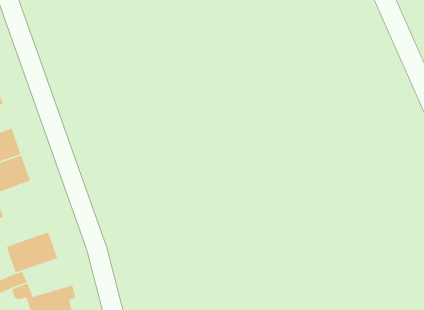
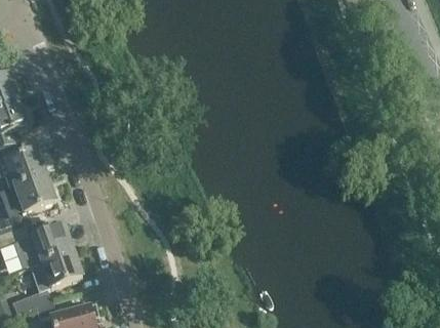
building: none -> [30,220,70,258]

